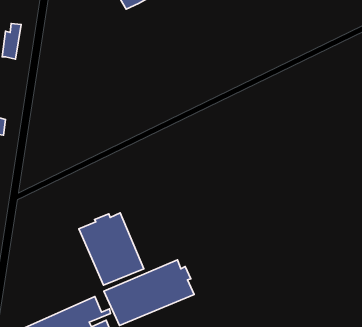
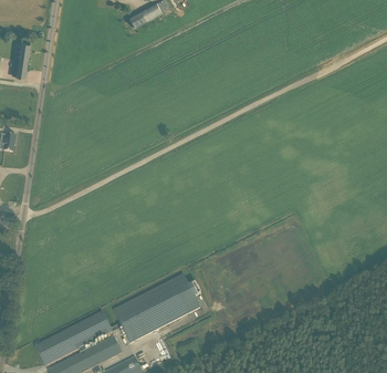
building: [79,213,144,285] -> none

